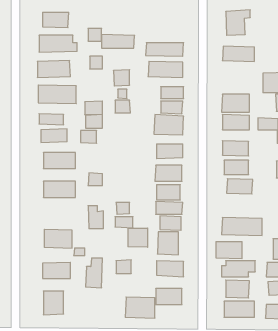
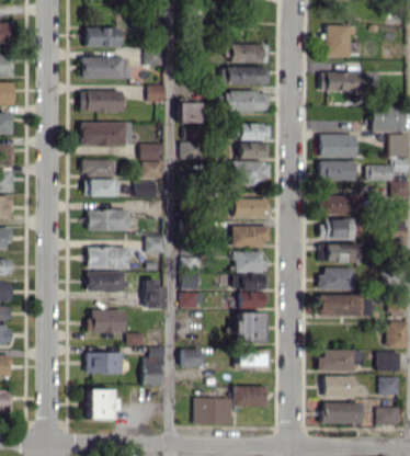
building: [102,35,135,48] -> [226,44,269,61]
building: none -> [87,271,125,292]
building: [128,228,148,247] -> none
building: [216,242,242,259] -> [321,267,355,289]

